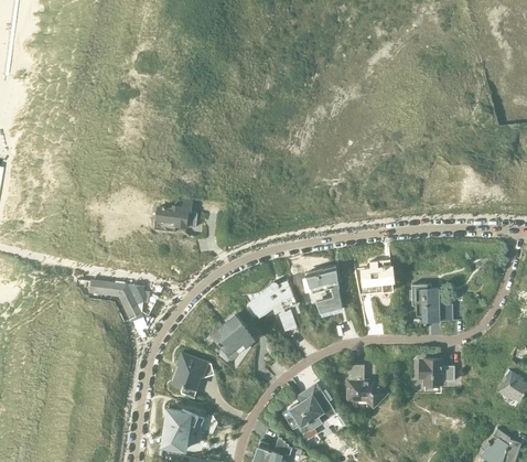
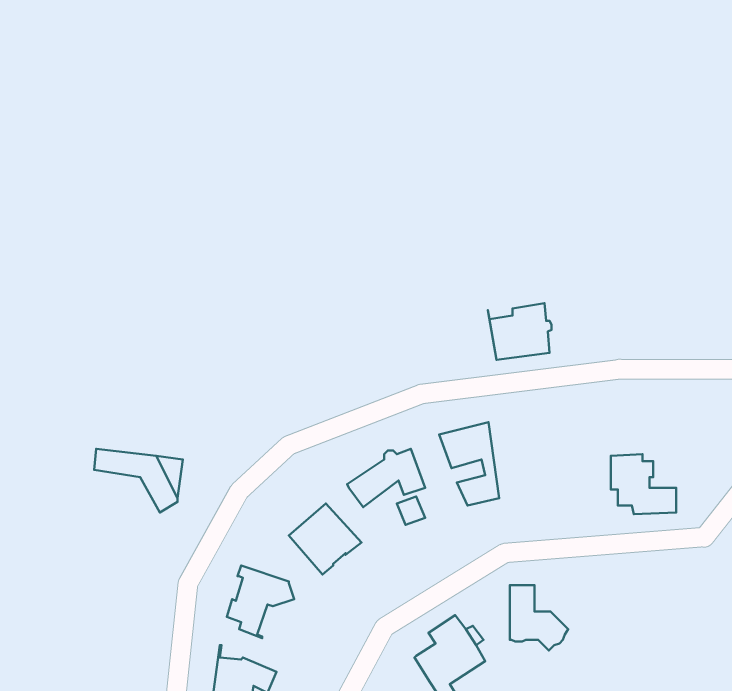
building: [158,201,197,228] -> none
building: [354,260,394,296] -> [488,303,551,360]
building: [419,359,454,386] -> none

